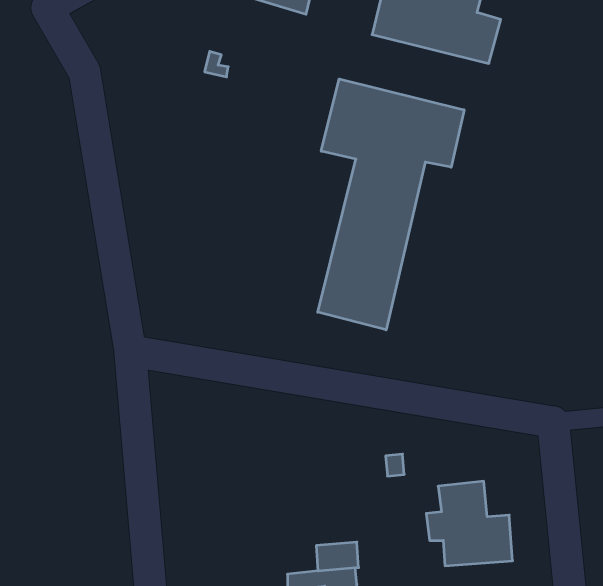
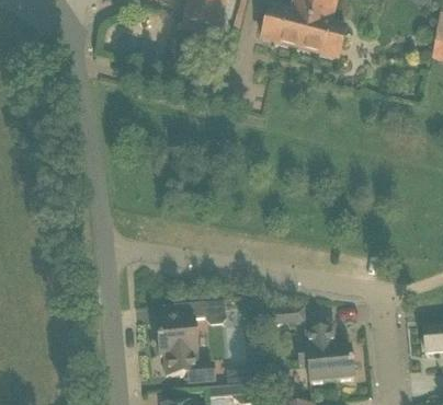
building: [318,79,464,330] -> none
building: none -> [157,297,227,381]

